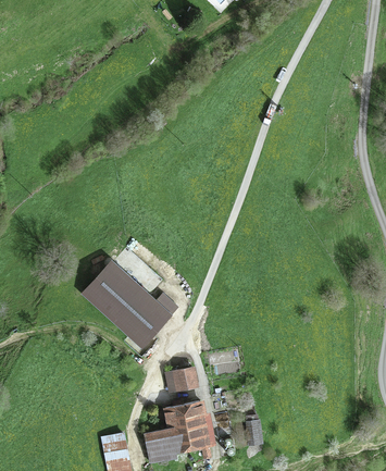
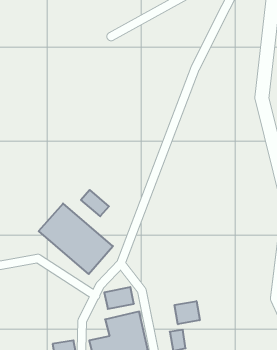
building: none -> [81,190,109,216]
building: none -> [175,301,200,324]

